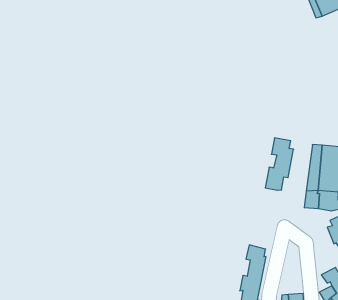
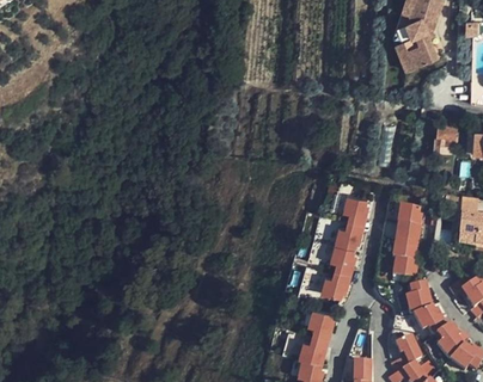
building: none -> [325,245,360,294]

